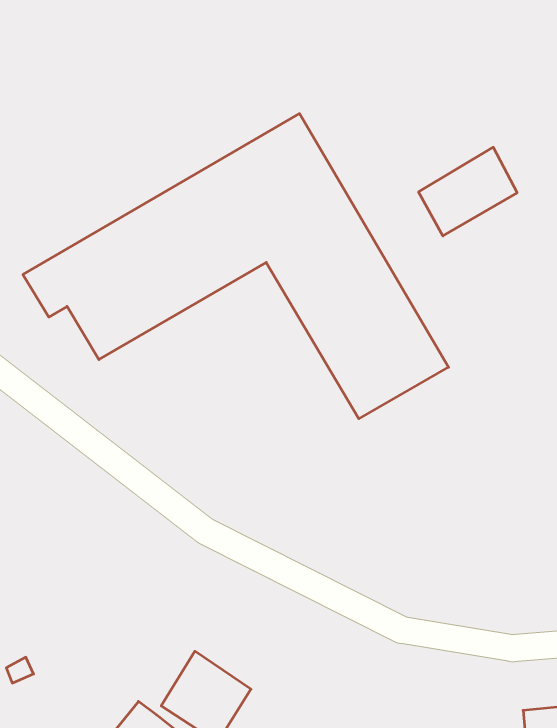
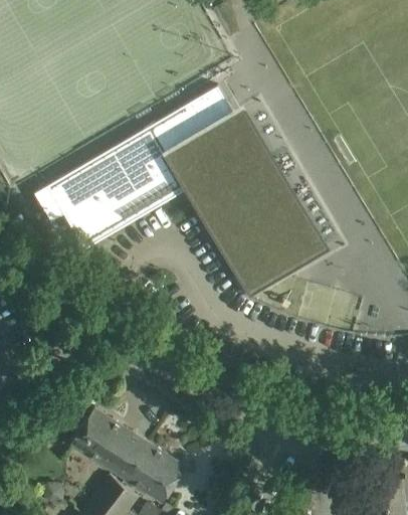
building: [419,147,517,236] -> none
building: none -> [72,408,149,479]

